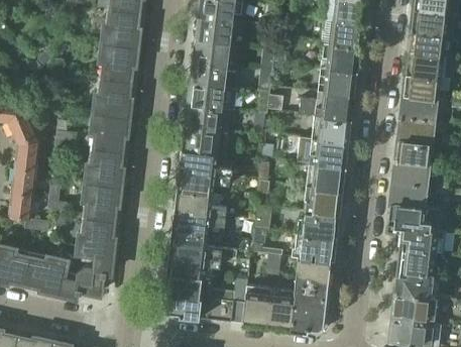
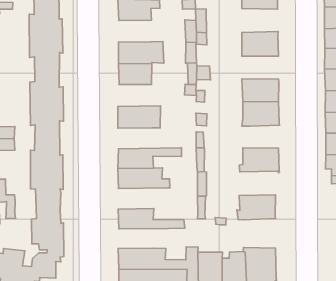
building: [194,38,230,65] -> none
building: [321,42,360,71] -> none
building: [299,91,355,119] -> none
building: [185,104,230,131] -> none
building: [180,148,243,177] -> none
building: [307,162,347,190] -> none
building: [297,209,339,237] -> none
building: [171,210,225,235] -> none
building: [166,251,220,275] -> none
building: [295,258,331,292] -> none

